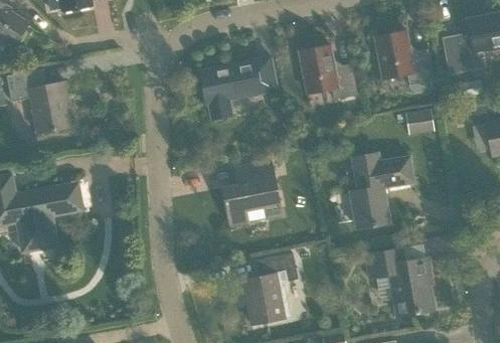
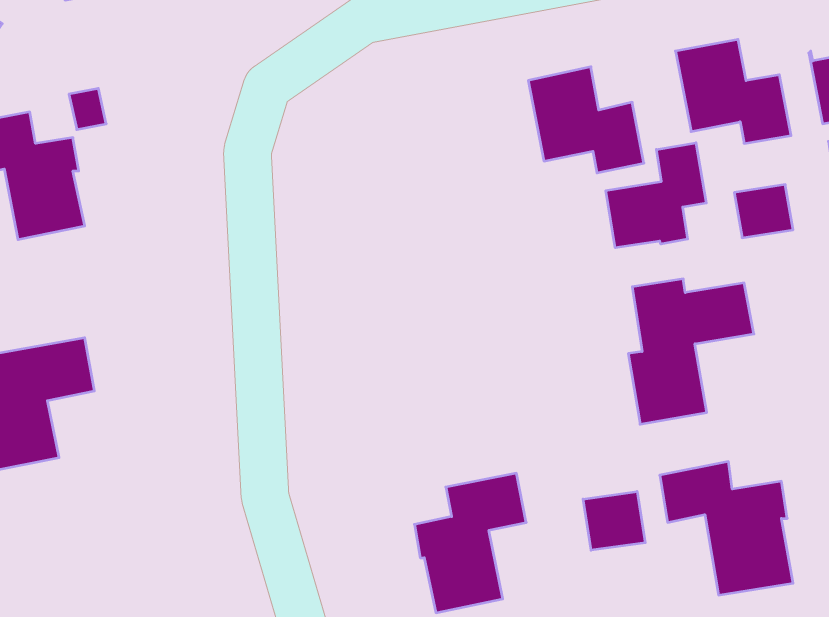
building: [200,57,277,119] -> none
building: none -> [606,143,706,248]
building: [222,160,282,225] -> none
building: none -> [583,491,645,550]

